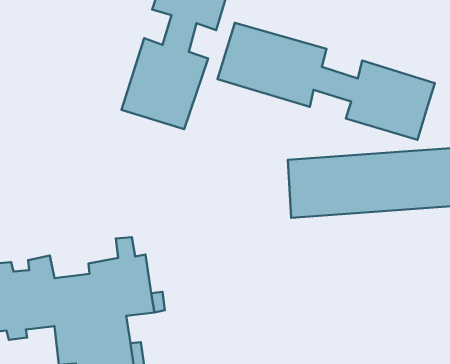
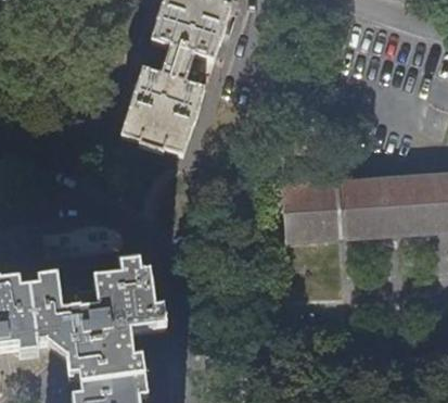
building: [218,23,435,140] -> none

